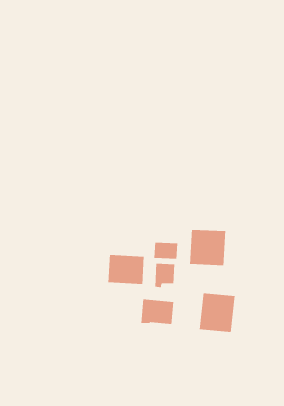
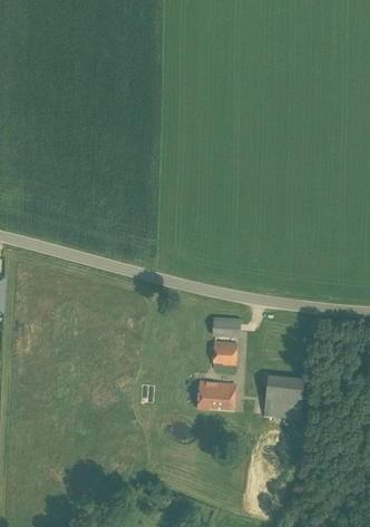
building: [189,229,226,266] -> none
building: [108,254,144,285] -> none

